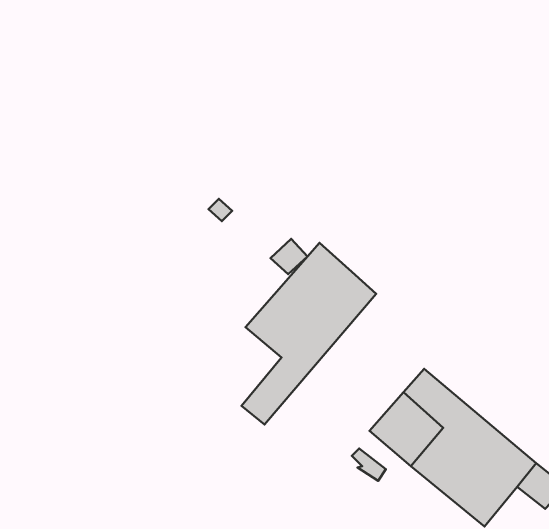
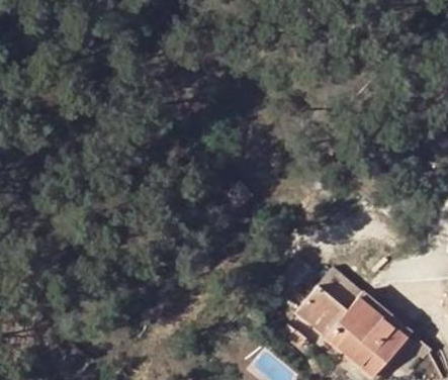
building: [242,243,376,425] -> none

